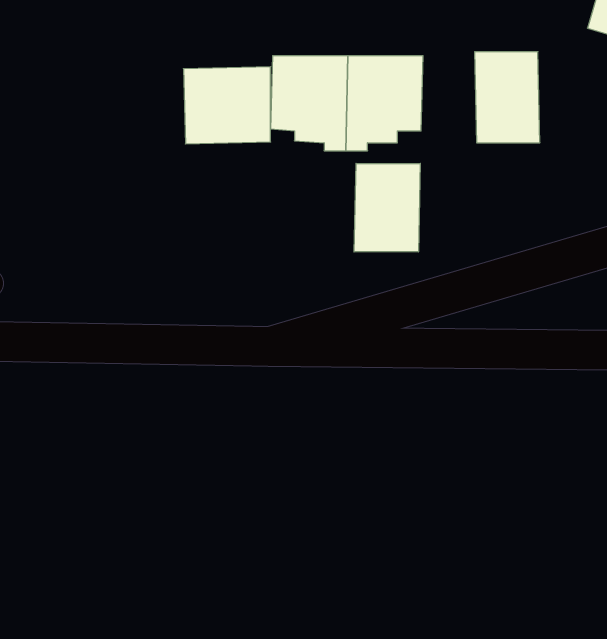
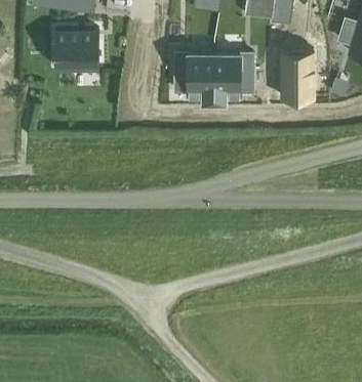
building: [183,67,271,144] -> [52,30,97,70]
building: [354,163,420,252] -> none

